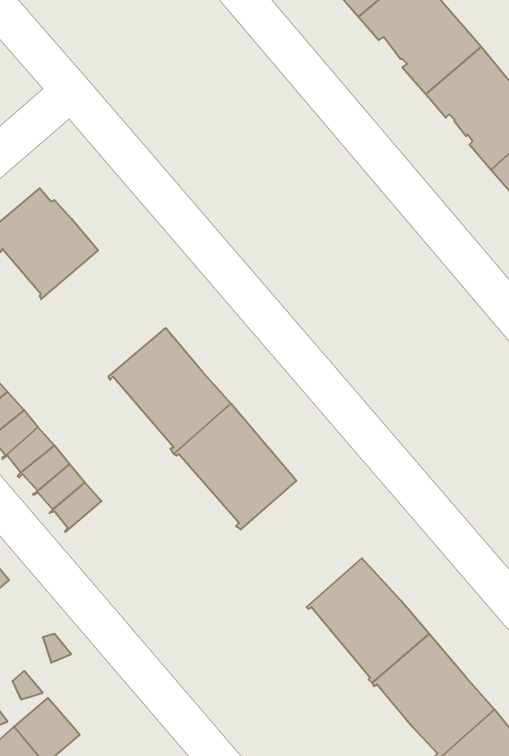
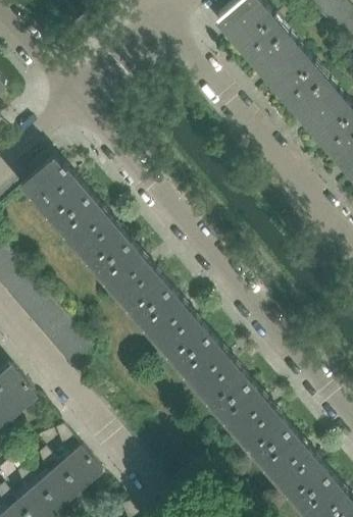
building: none -> [54,197,130,273]
building: none -> [175,337,249,413]
building: none -> [58,450,101,493]

